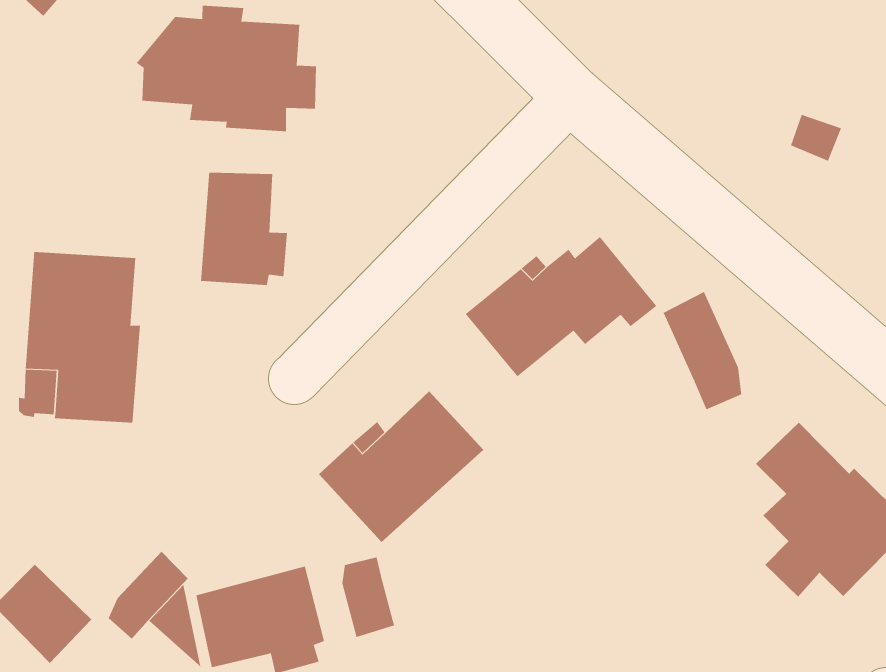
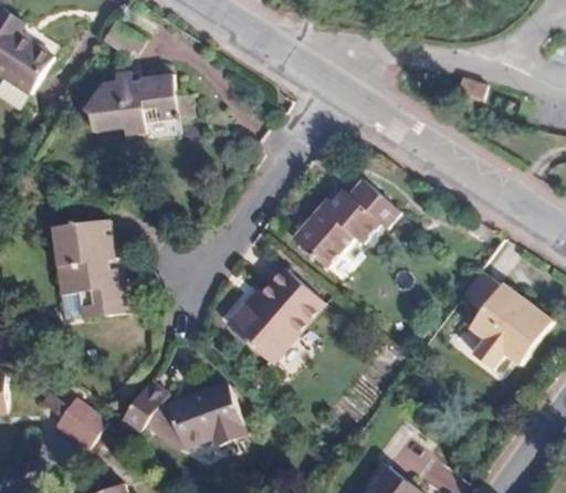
building: [200,172,288,286] -> none
building: [663,291,742,410] -> none
building: [342,557,395,638] -> none

